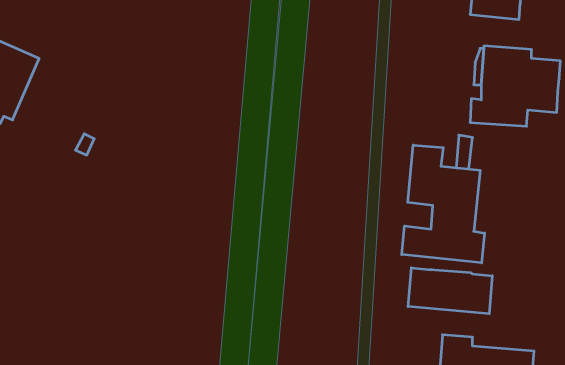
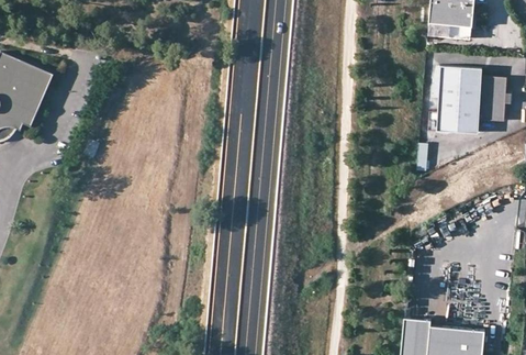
building: [402,145,485,263] -> none
building: [408,268,492,314] -> none

